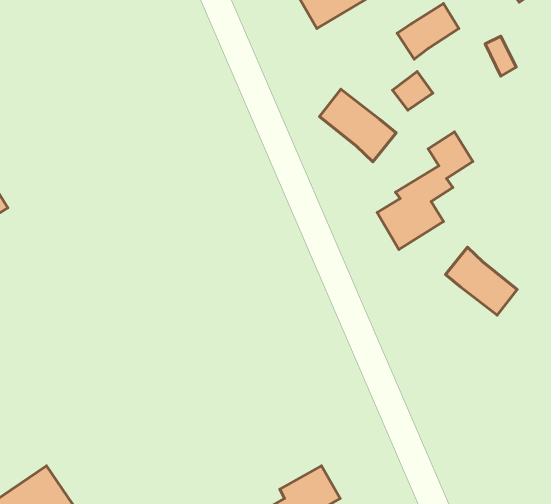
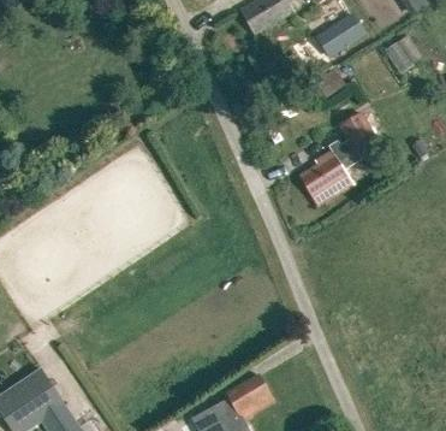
building: [320,89,396,162] -> none
building: [446,247,517,315] -> none

